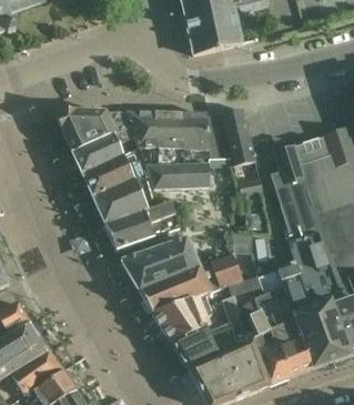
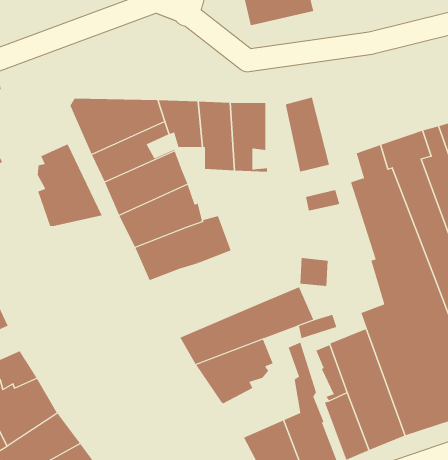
building: [141,114,231,190] -> none
building: none -> [37,144,102,227]
building: [121,237,199,292] -> none
building: [172,317,231,368] -> none

